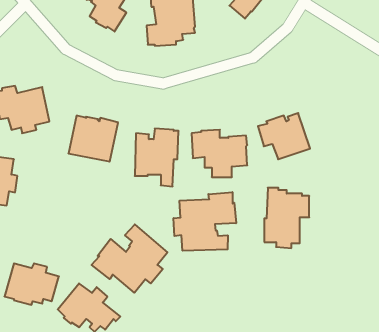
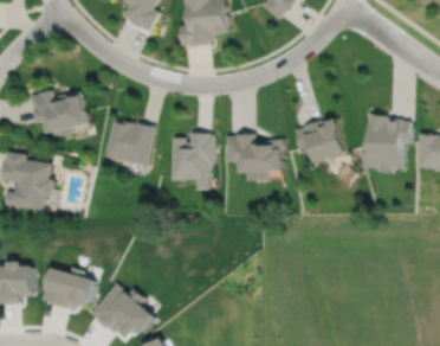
building: [264,188,309,248] -> [363,111,408,172]
building: [174,192,236,251] -> none
building: [92,224,167,293] -> none

